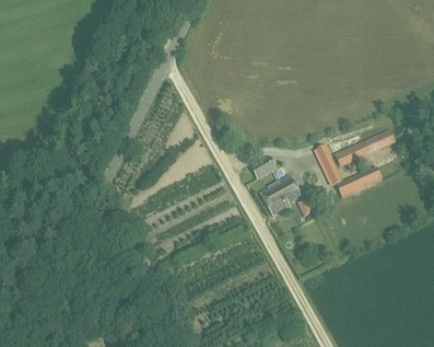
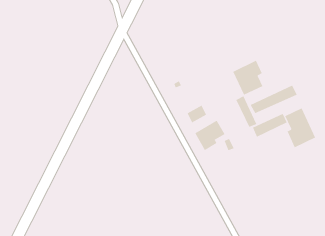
building: none -> [233,60,263,96]
building: none -> [284,108,316,148]

